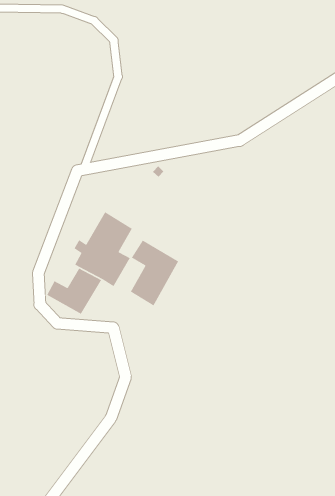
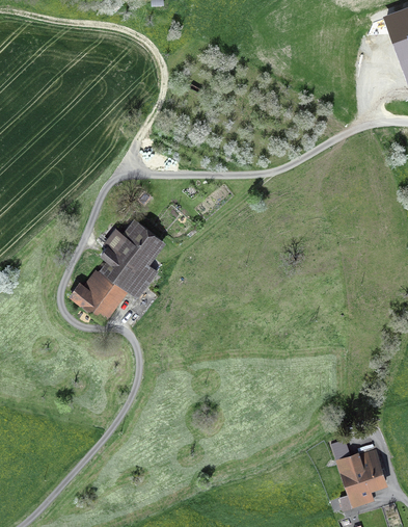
building: [130,239,179,307] -> none

